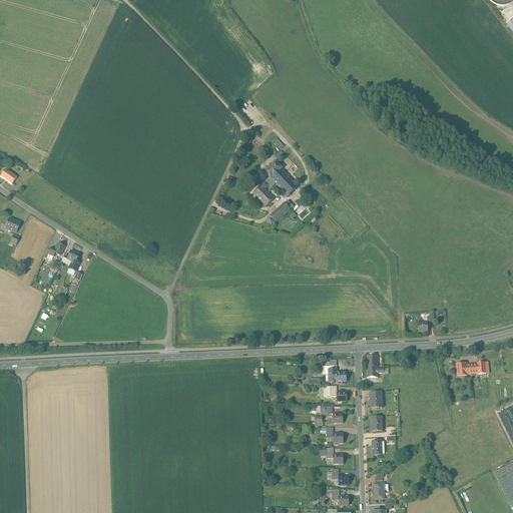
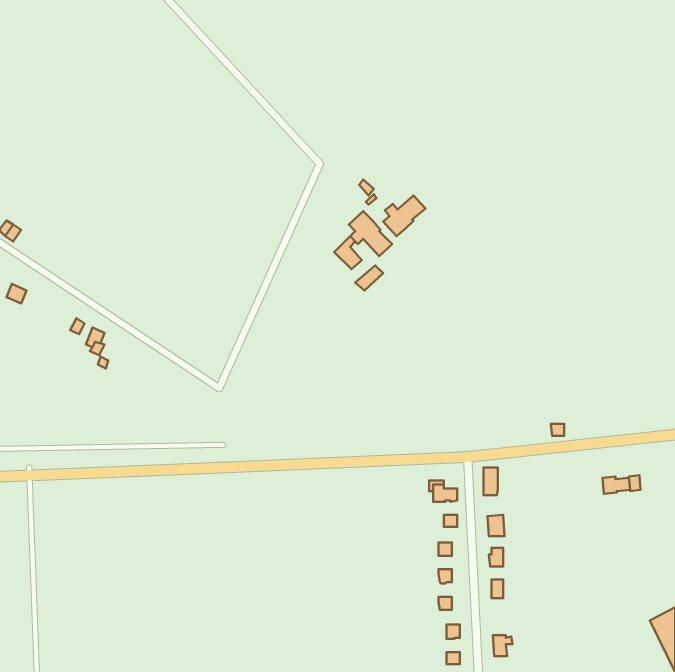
building: none -> [383,195,425,236]

